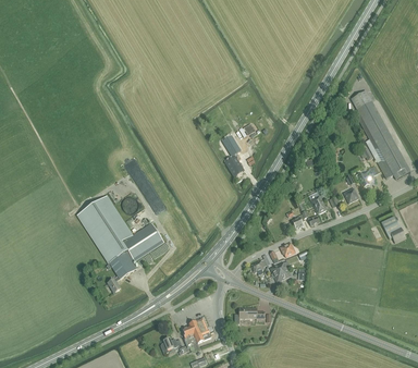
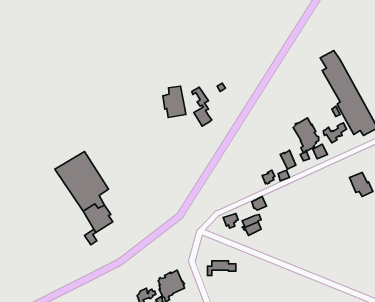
building: none -> [163,86,186,117]
building: none -> [293,118,319,153]
building: [123,222,164,260] -> none

